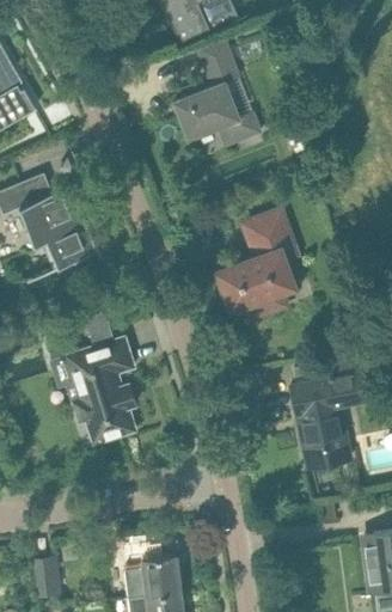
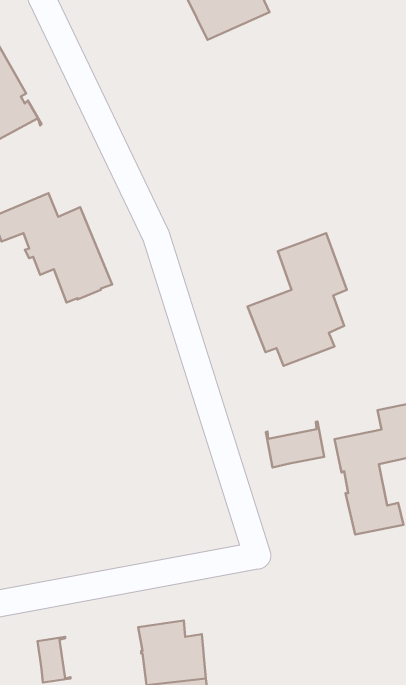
building: [173,38,261,147] -> none
building: [66,316,136,443] -> none
building: none -> [266,421,324,468]

